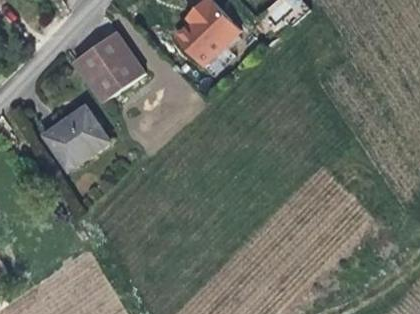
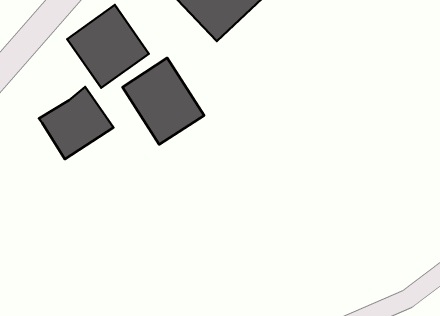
building: none -> [122,58,204,145]

